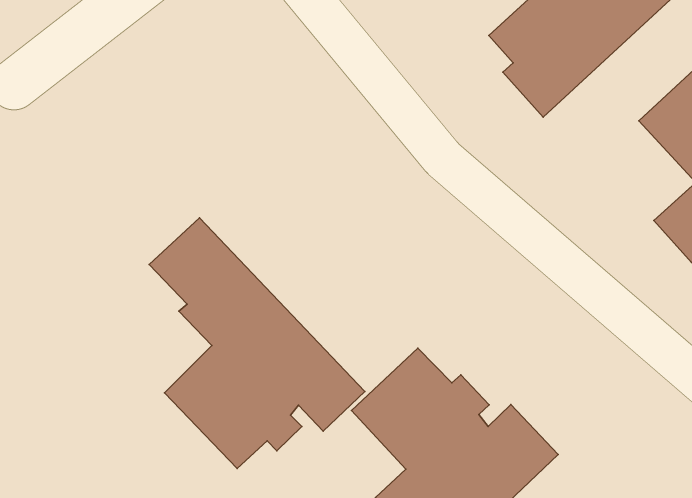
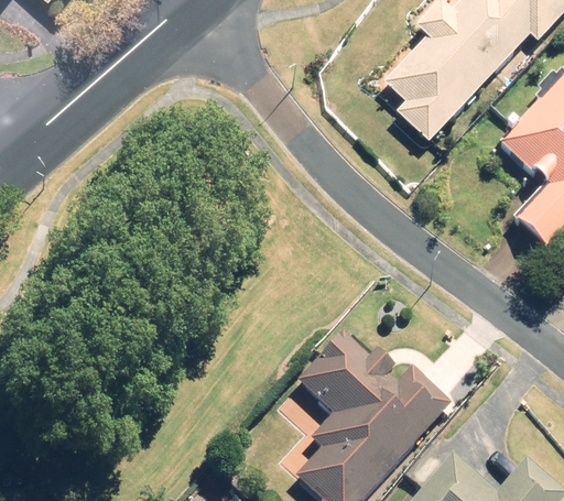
building: [149,218,365,468] -> none

